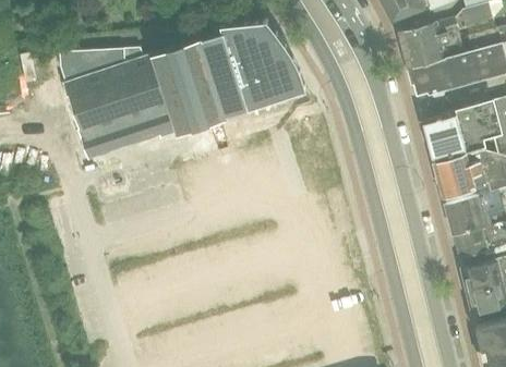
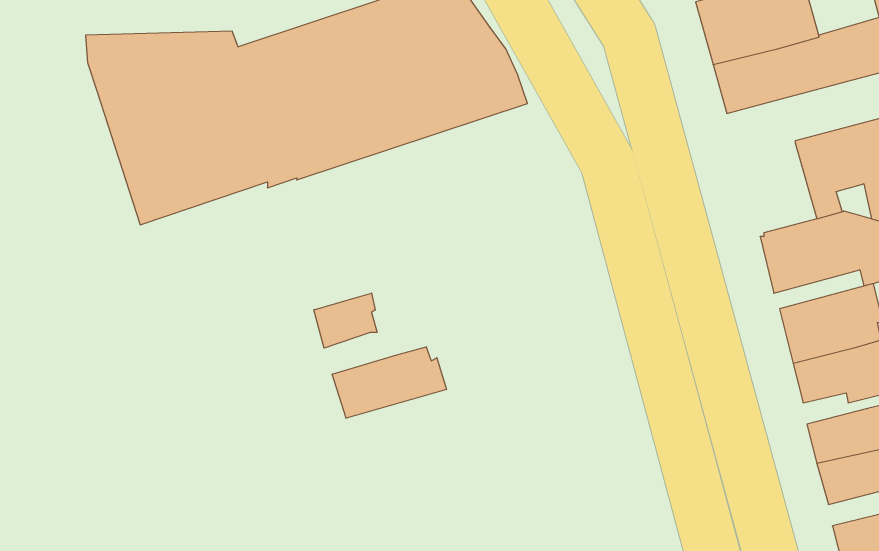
building: [423,112,467,162] -> none
building: none -> [314,293,377,348]
building: none -> [332,347,447,418]

